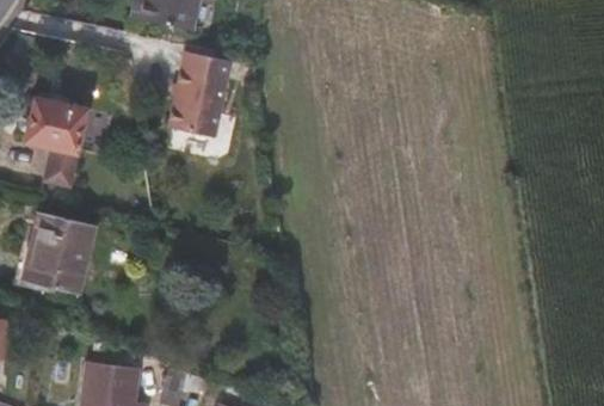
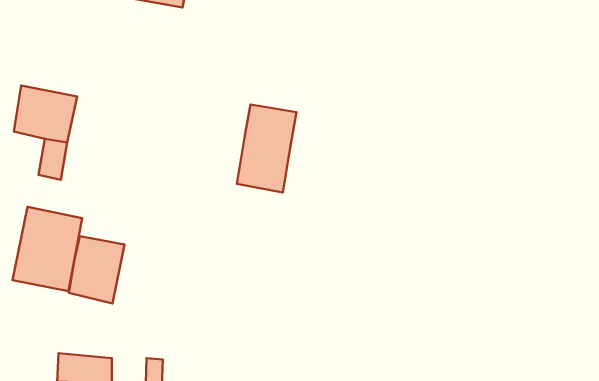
building: [168,48,226,133] -> [237,105,296,193]
building: none -> [69,236,125,303]

